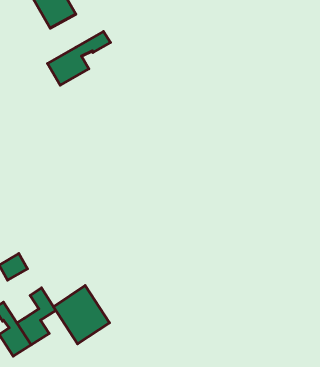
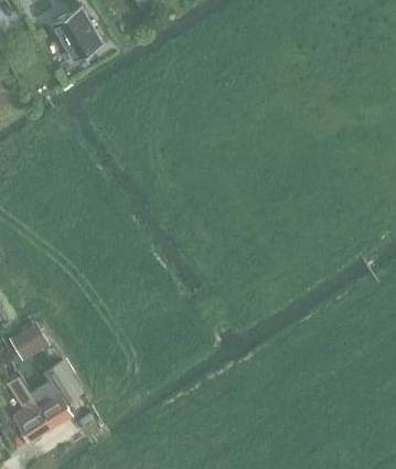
building: [47,31,110,85] -> none
building: [53,286,109,344] -> none

